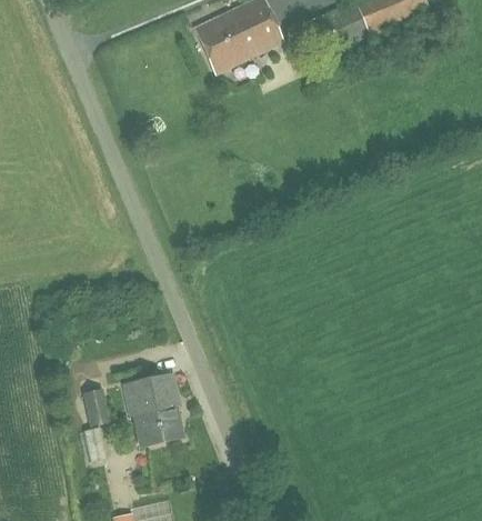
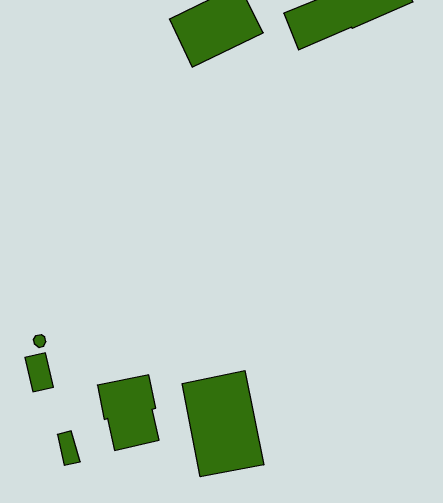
building: none -> [182,371,264,477]
building: [82,387,110,424] -> [25,353,53,392]

